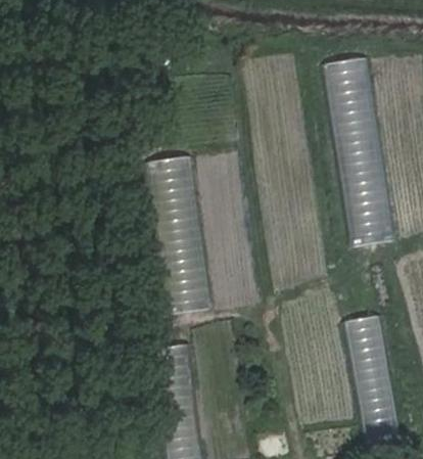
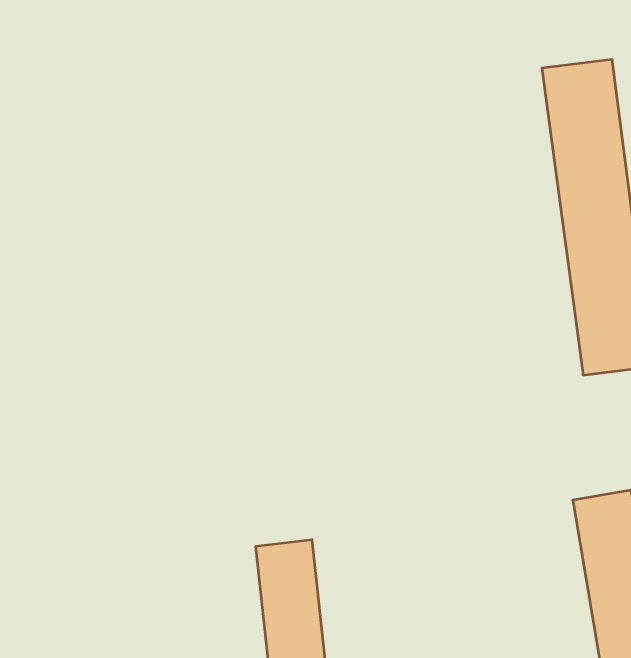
building: [141,156,208,315] -> none

